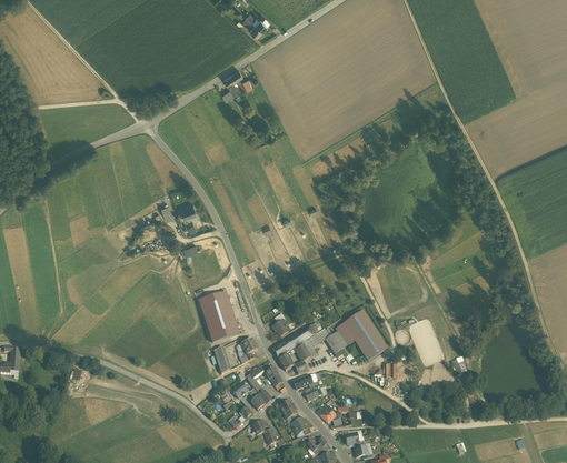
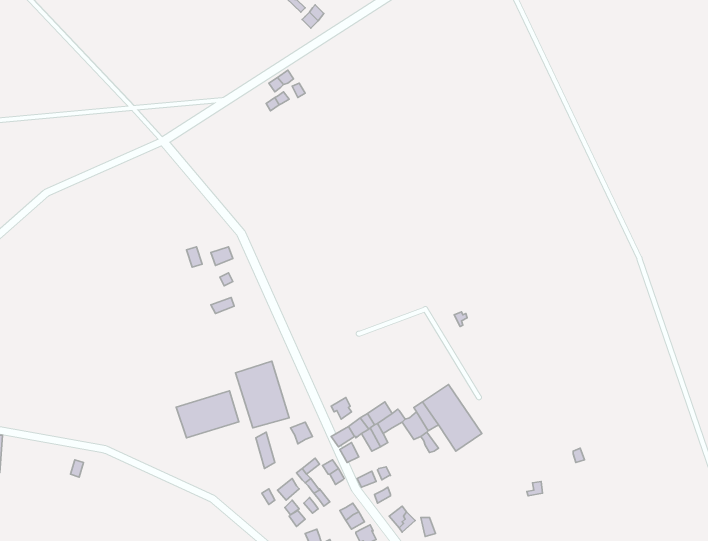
building: none -> [176,391,239,438]

